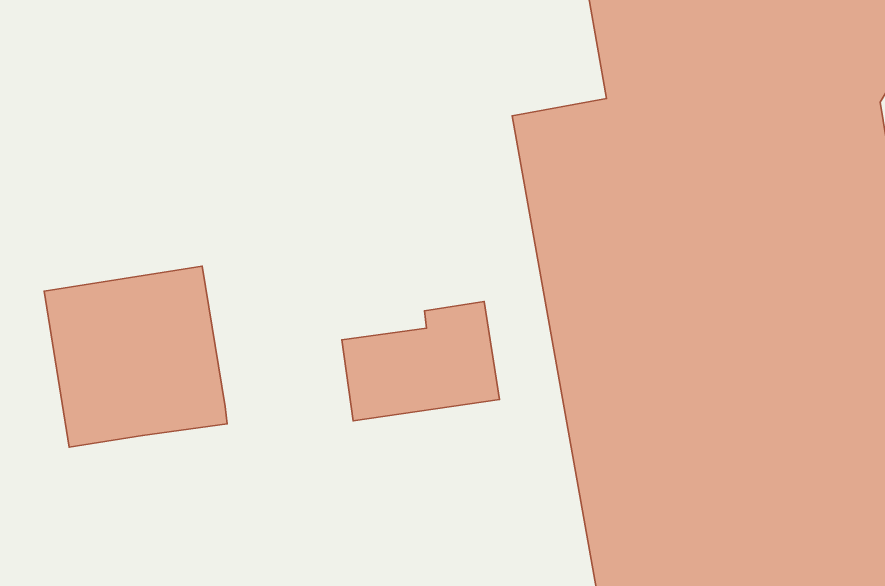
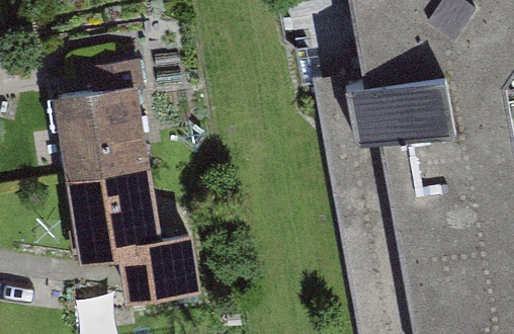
building: none -> [55,81,151,177]
building: [342,301,500,421] -> [119,233,202,296]

